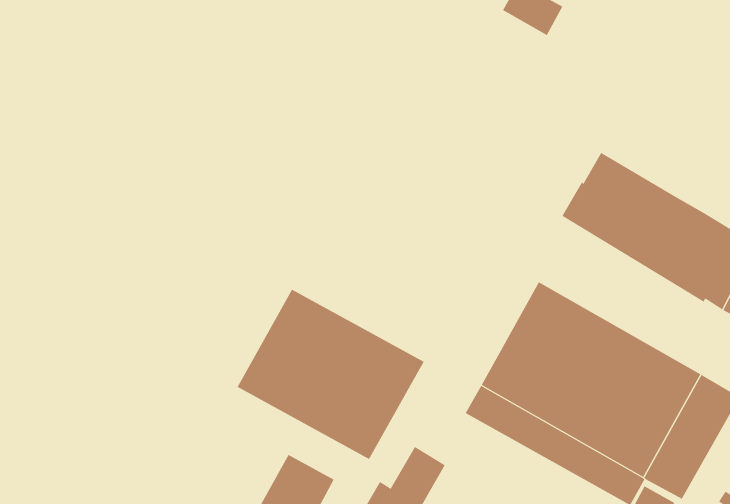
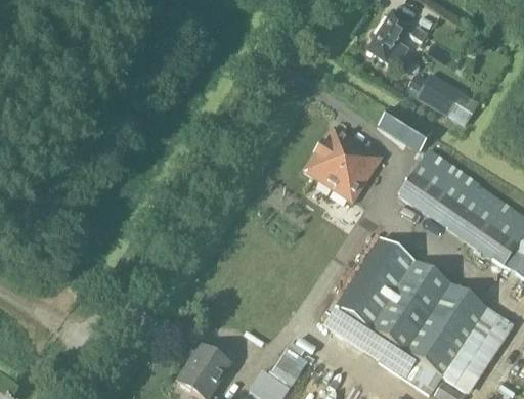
building: none -> [408,72,482,128]
building: none -> [379,105,431,152]
building: none -> [303,124,384,204]
building: [237,289,424,460] -> none

